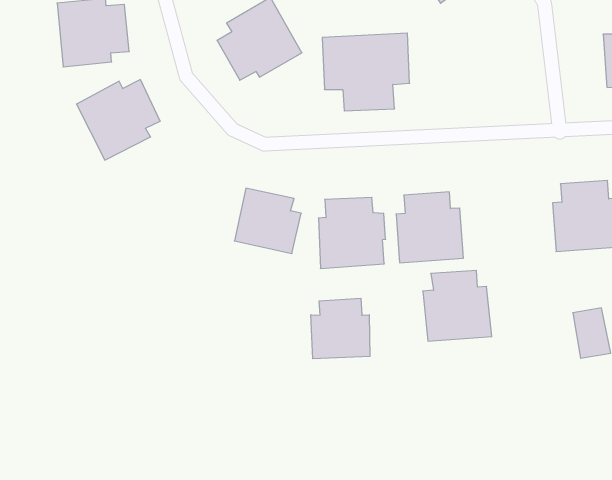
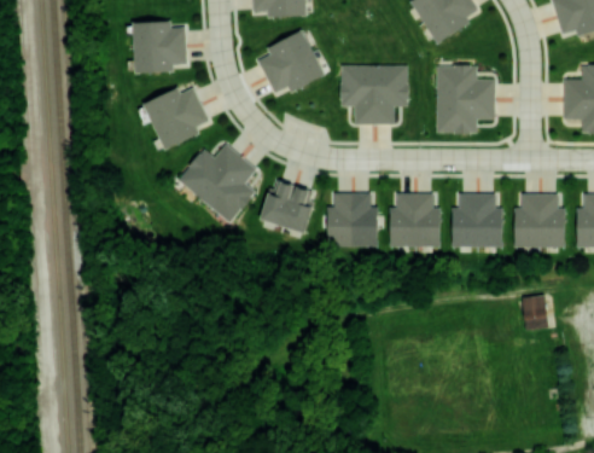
building: none -> [437,64,496,133]
building: none -> [177,144,257,222]
building: [423,270,492,341] -> [452,193,503,246]
building: [311,298,370,359] -> none

